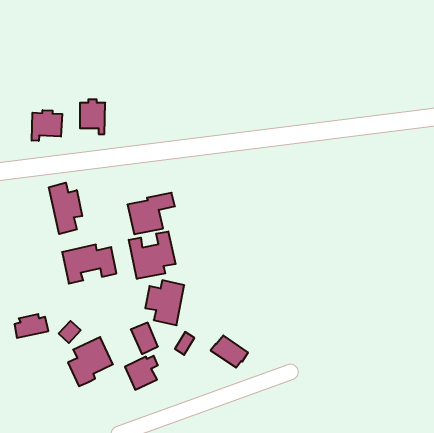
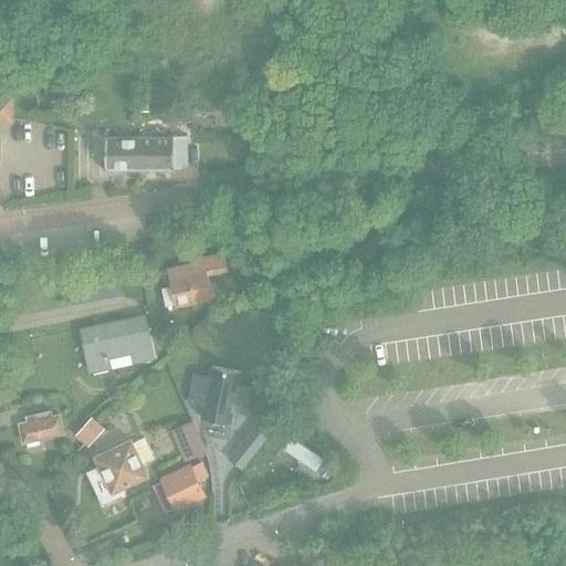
building: none -> [136,130,186,176]
building: [32,110,62,141] -> none
building: [49,183,82,234] -> none
building: [129,231,176,279] -> none

